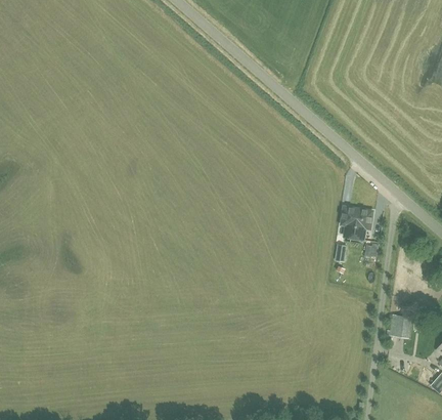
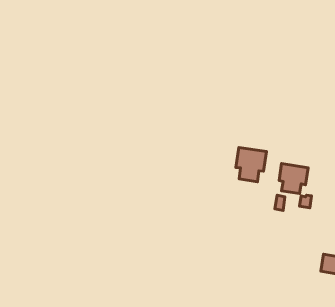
building: none -> [236,148,266,182]

